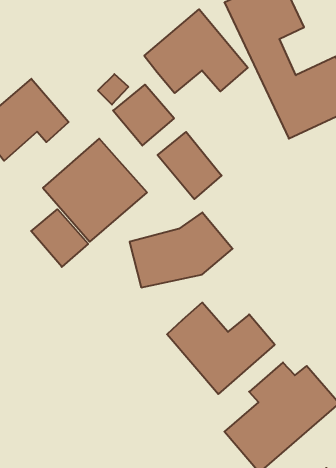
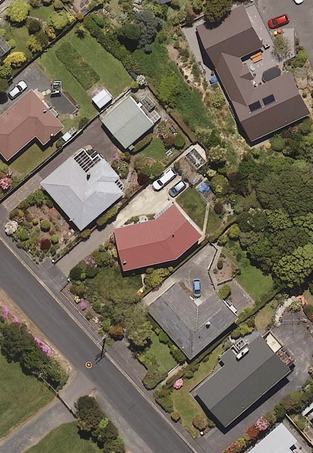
building: [144,9,248,93] -> none
building: [158,132,222,199] -> none
building: [31,209,88,267] -> none

